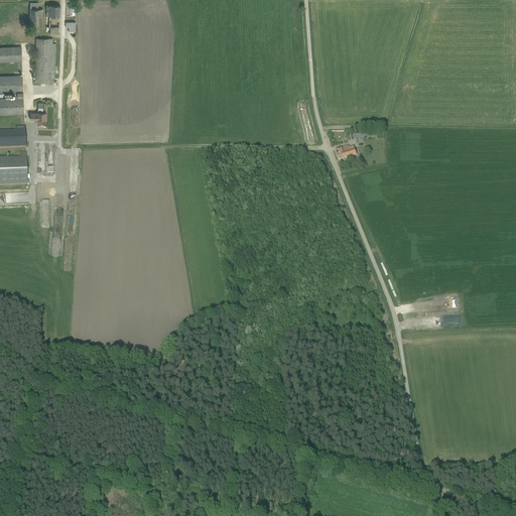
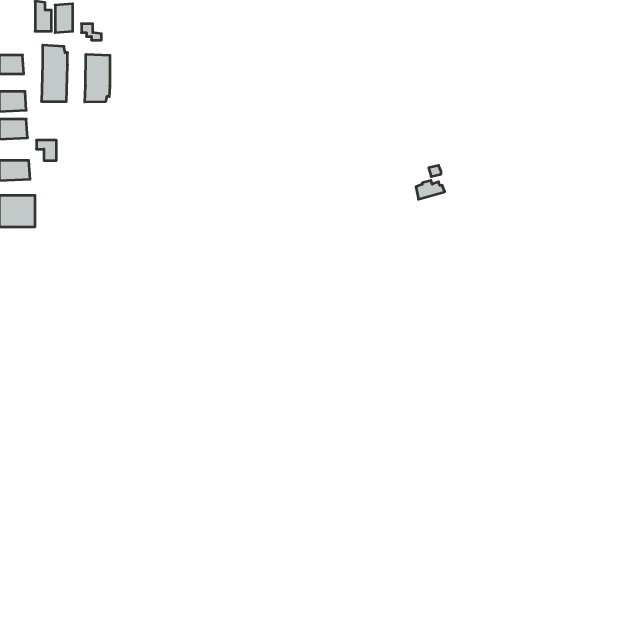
building: none -> [85,54,110,102]

